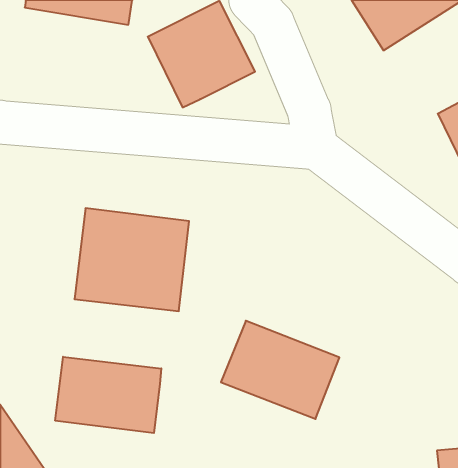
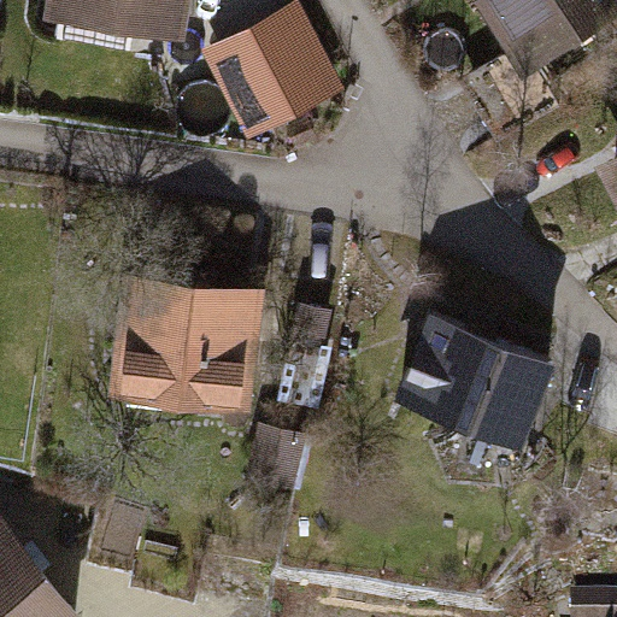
building: [221,321,339,419] -> [392,313,547,442]
building: [55,357,161,433] -> none

